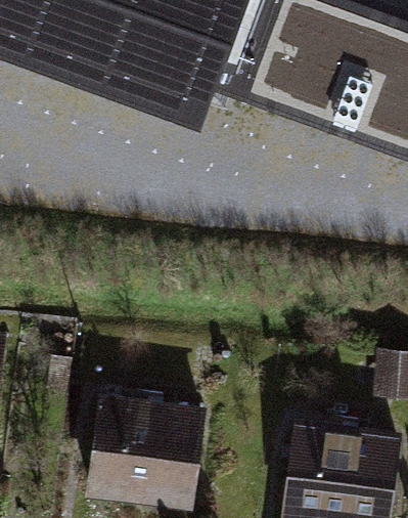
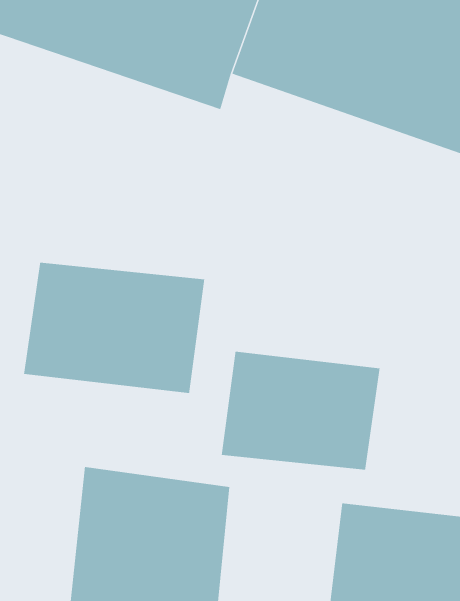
building: none -> [24,262,205,394]
building: none -> [221,351,380,470]

